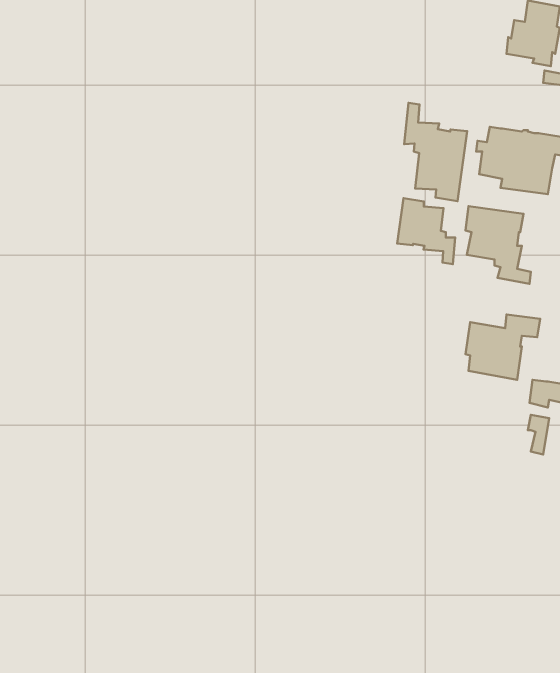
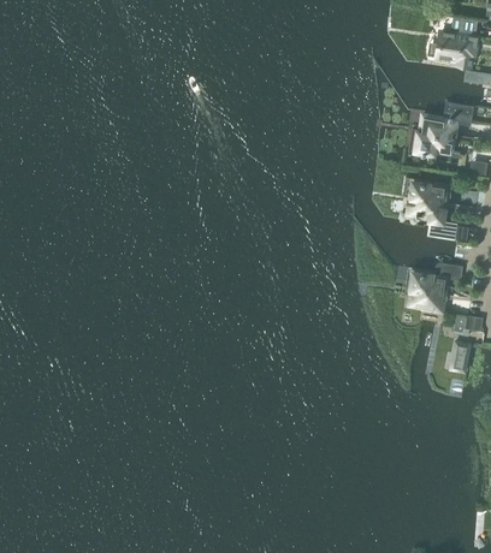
building: [404,103,467,201] -> none
building: [397,198,455,264] -> none

